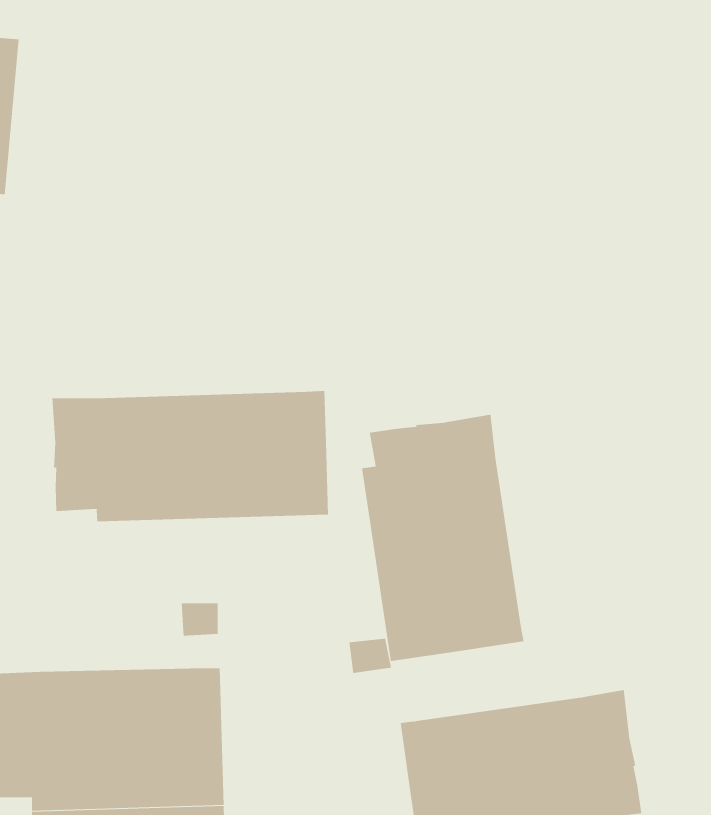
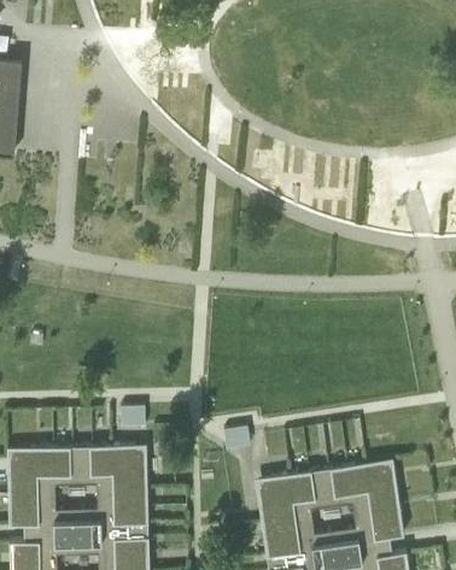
building: [52,390,329,522] -> none
building: [362,414,524,662] -> none

